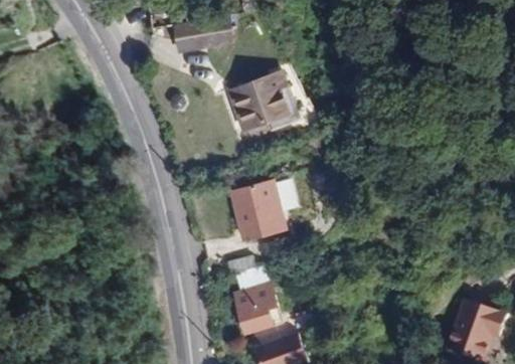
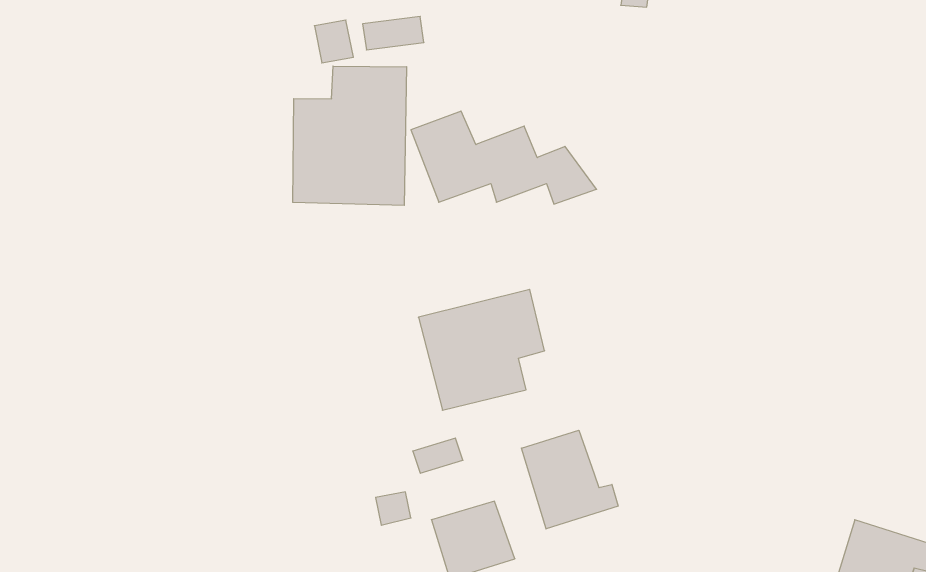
building: none -> [293,66,407,205]
building: none -> [521,430,618,529]

